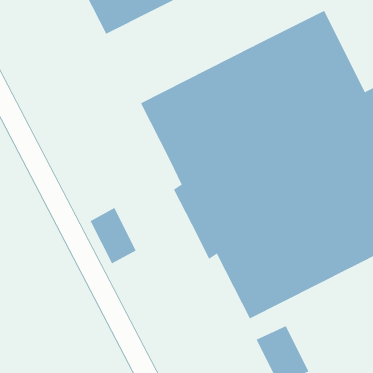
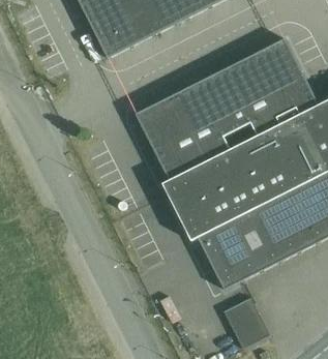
building: [90,207,136,264] -> none

